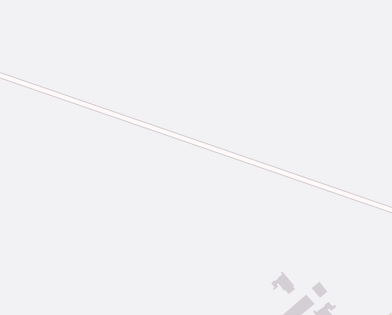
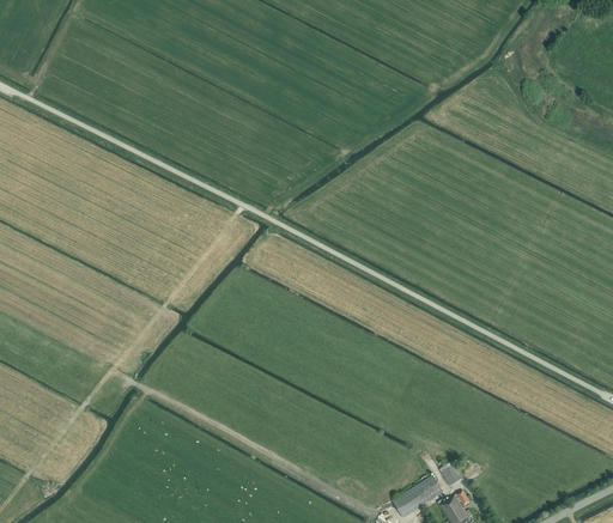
building: [270,271,296,295] -> none

